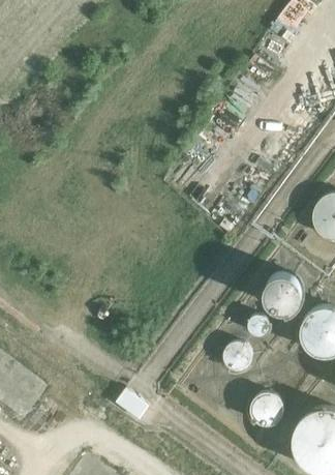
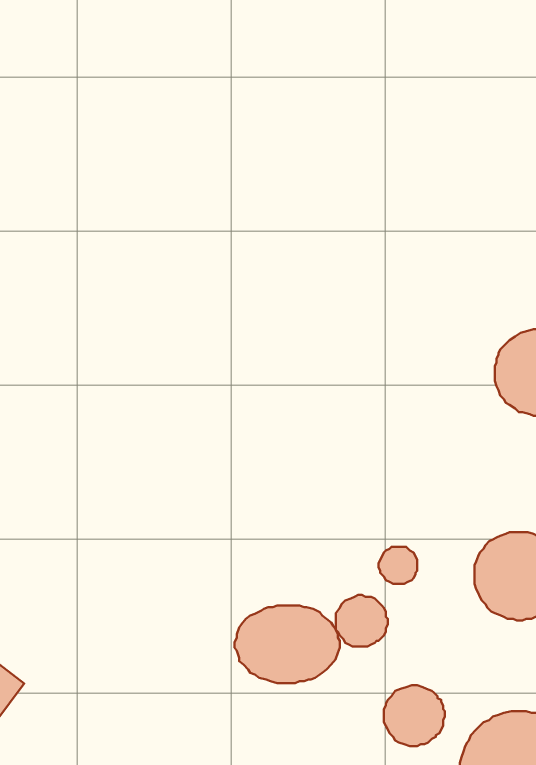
building: [264,274,302,313] -> none
building: none -> [235,605,340,683]

